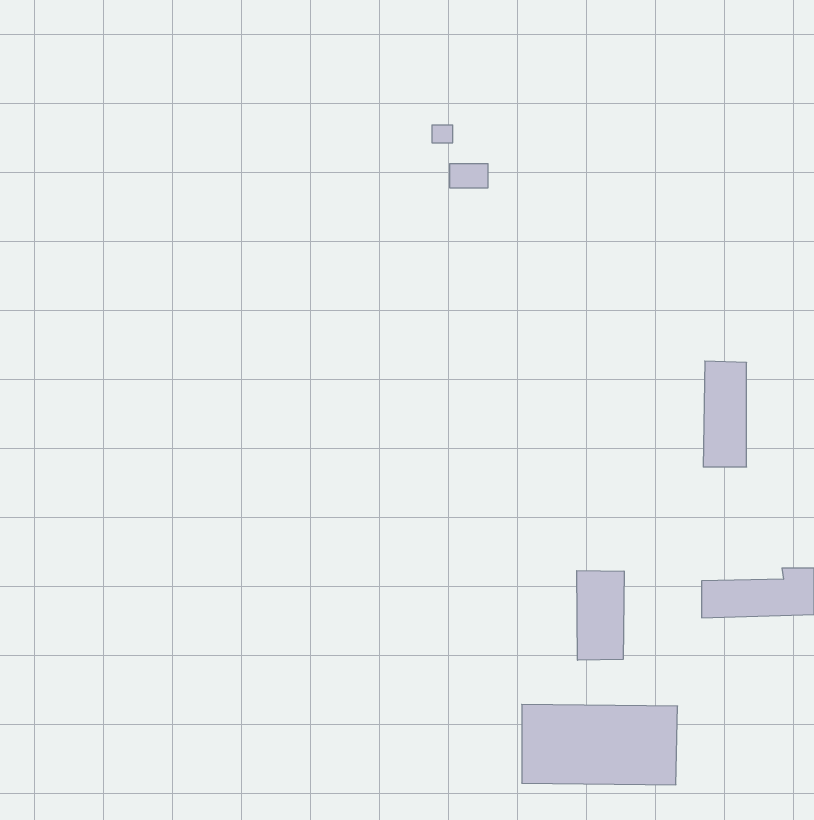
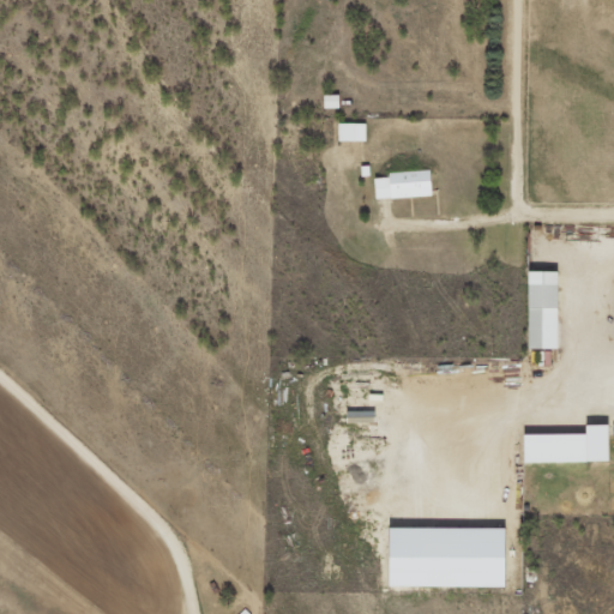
building: none -> [373,170,431,198]
building: [577,571,624,660] -> none

